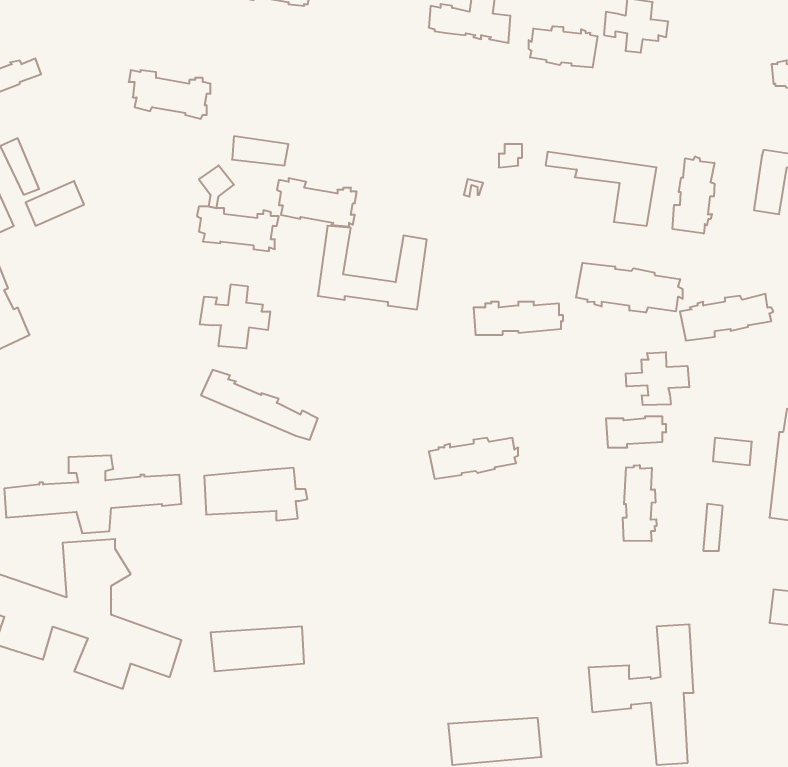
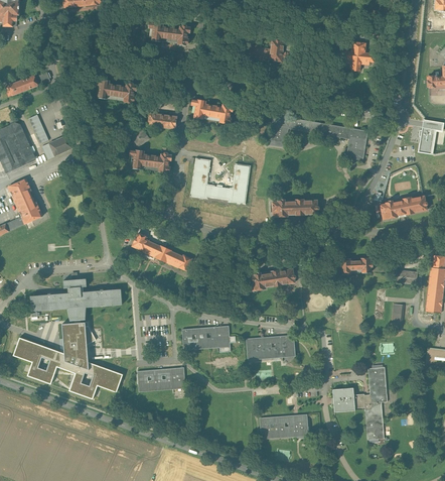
building: [529,26,597,68] -> none
building: [673,156,715,234] -> none
building: [277,178,357,227] -> [191,98,233,123]
building: [576,263,683,313] -> none
building: [200,284,270,349] -> none
building: [626,352,689,405] -> none
building: [623,465,657,541] -> none
building: [204,468,307,520] -> [182,325,236,352]
building: none -> [247,335,295,359]

